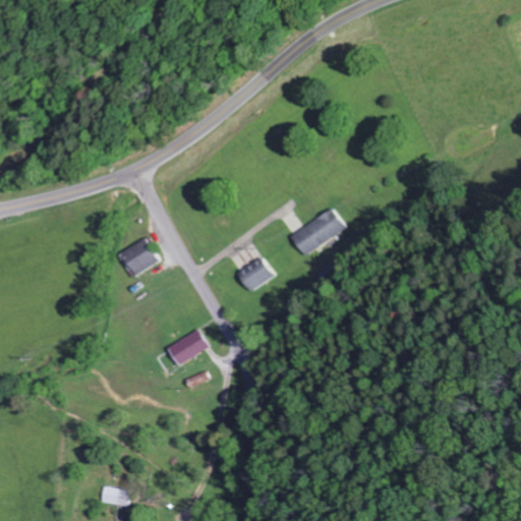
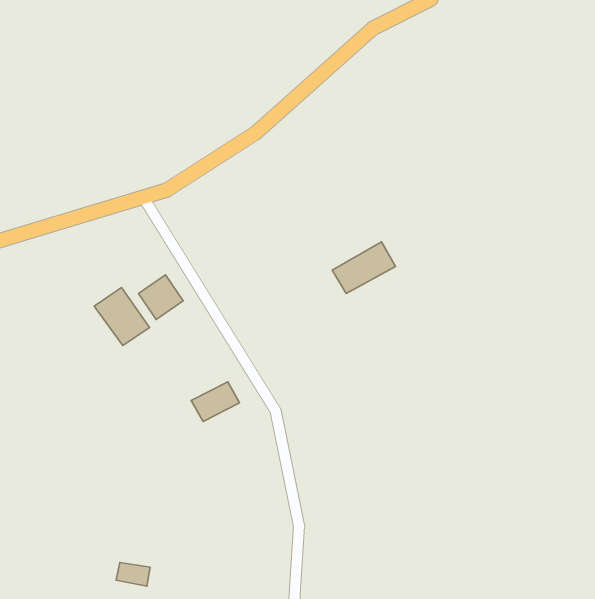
building: none -> [94,287,149,345]
building: [237,258,273,293] -> none

